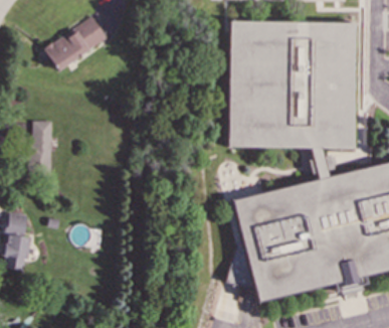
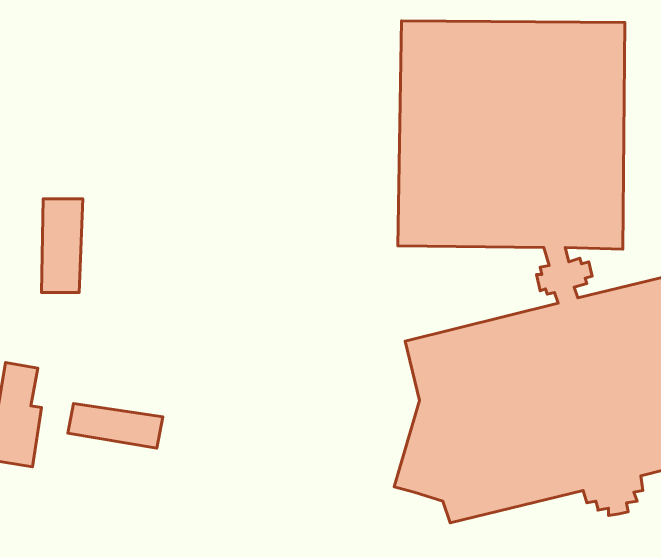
building: [44,16,109,70] -> none
building: none -> [68,403,163,448]

